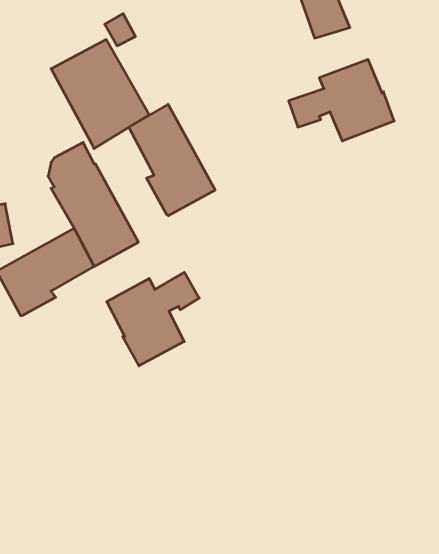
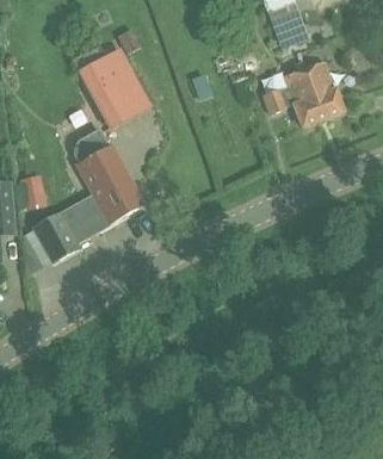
building: [129,104,215,216] -> none
building: [107,272,199,366] -> none

